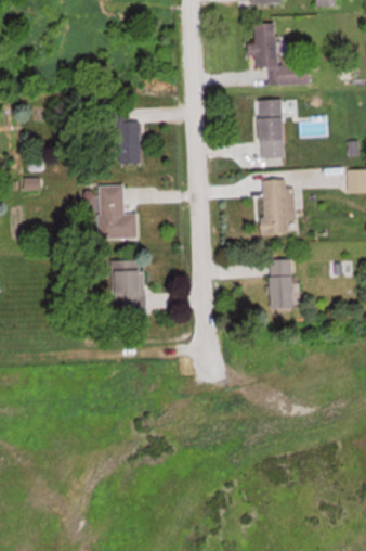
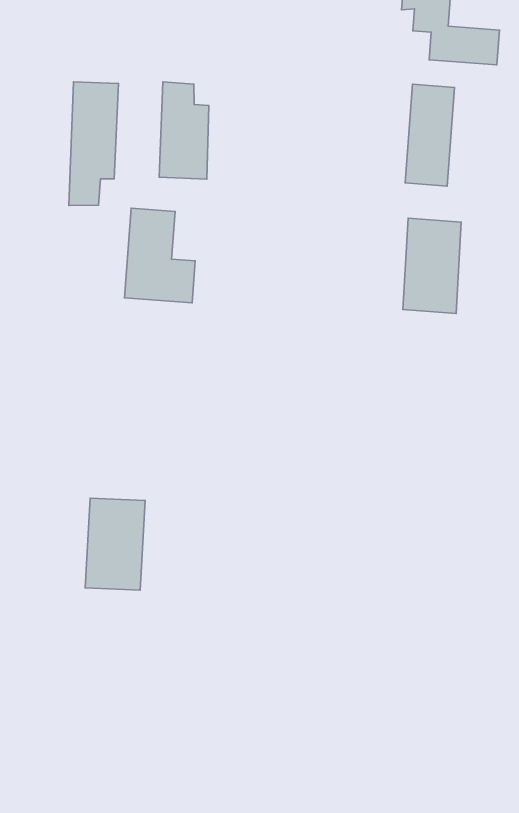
building: none -> [69,82,119,206]
building: [270,259,293,308] -> none
building: [112,260,145,315] -> [85,498,145,590]

